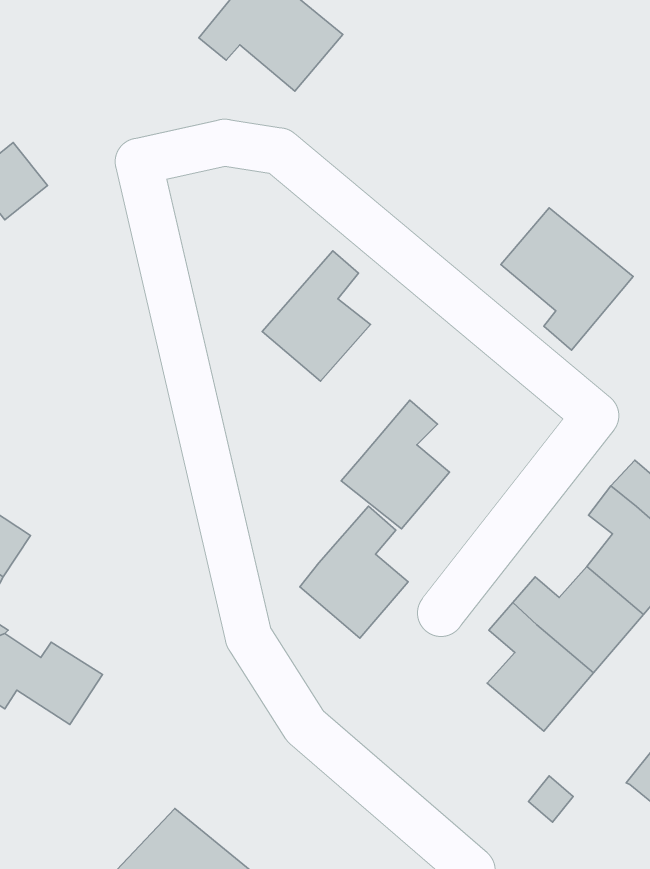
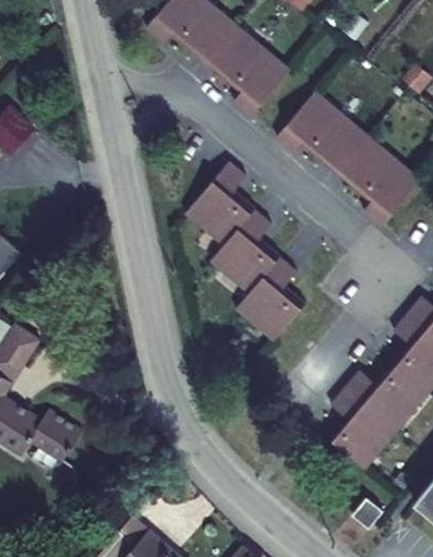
building: none -> [205,26,289,117]
building: none -> [275,92,366,172]
building: [300,506,408,638] -> [209,210,278,294]

